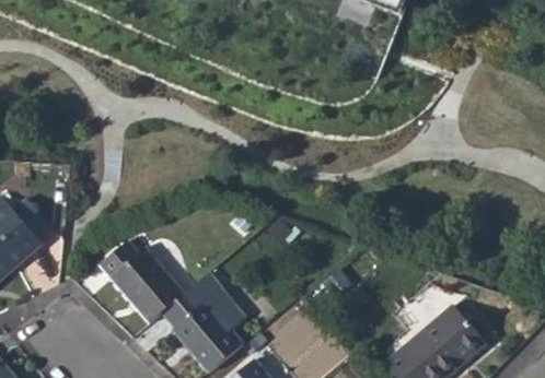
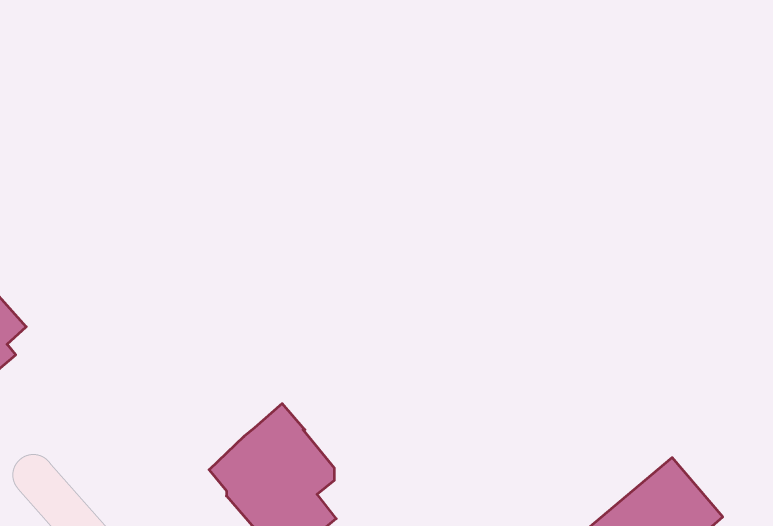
building: [100,241,185,323] -> none

